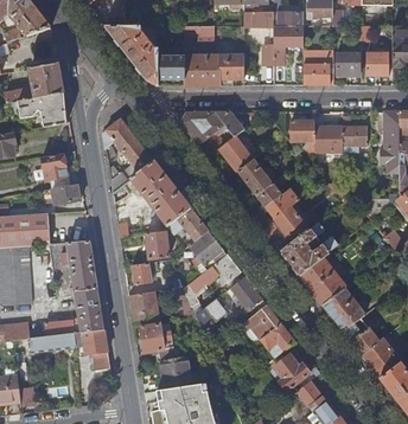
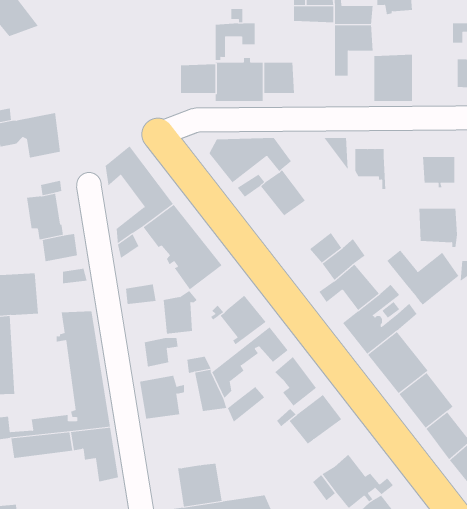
building: [106,26,158,84] -> none
building: [337,49,359,75] -> none
building: [30,64,64,98] -> none
building: [312,126,342,155] -> [418,208,458,248]
building: [236,159,272,195] -> none
building: none -> [387,250,459,305]
building: [165,207,206,240] -> none
building: [139,322,173,360] -> none
building: [259,323,294,359] -> none

